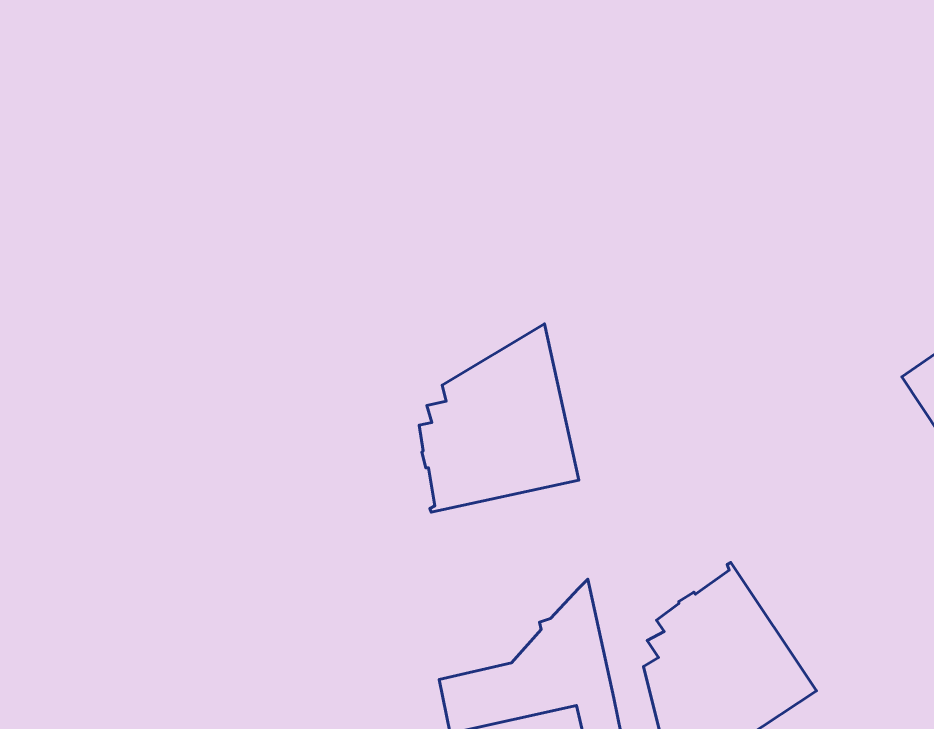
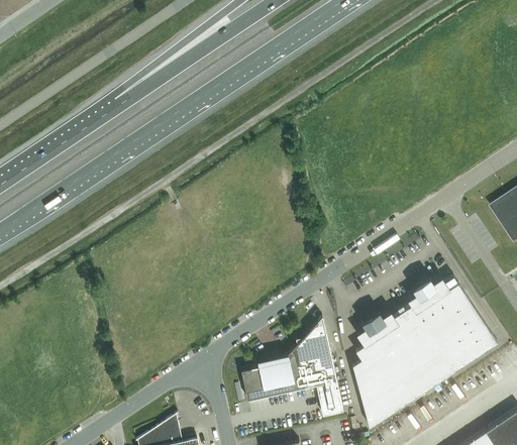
building: [419,324,579,512] -> none
building: none -> [400,277,498,378]

